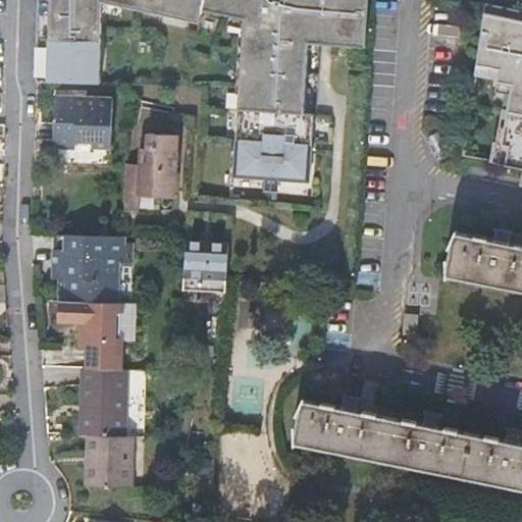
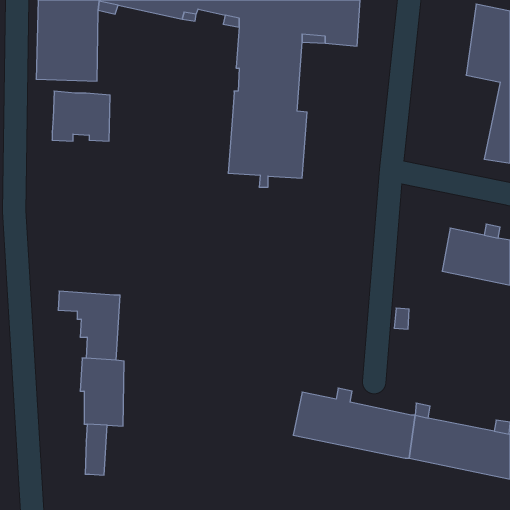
building: [123,134,177,211] -> none
building: [51,231,137,302] -> none
building: [184,241,230,293] -> none
building: [106,434,134,486] -> none

